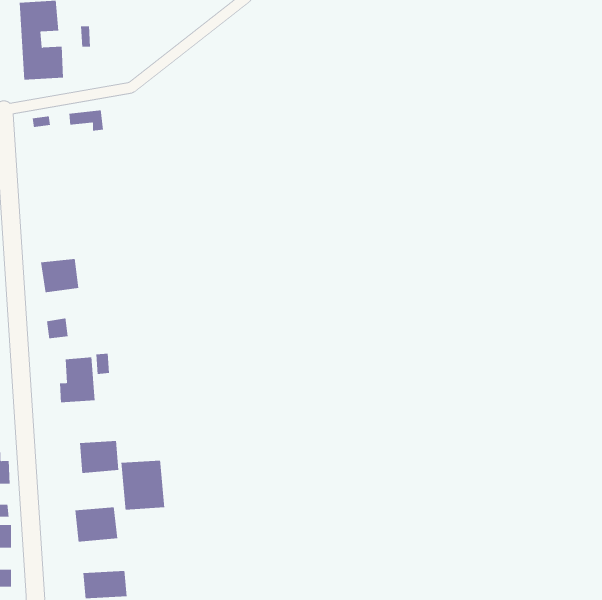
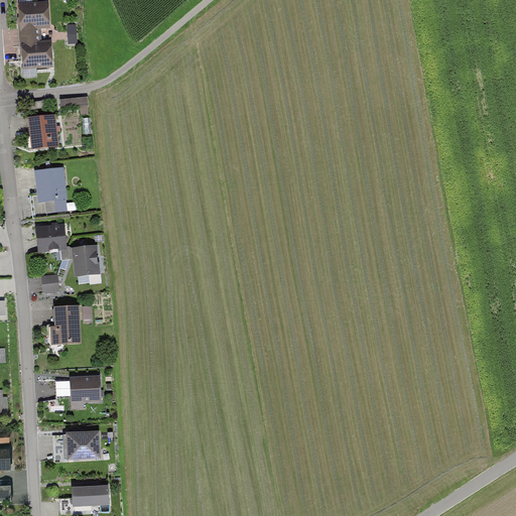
building: none -> [26,112,60,148]
building: none -> [33,164,68,210]
building: none -> [72,243,99,276]
building: [121,460,165,510] -> none

